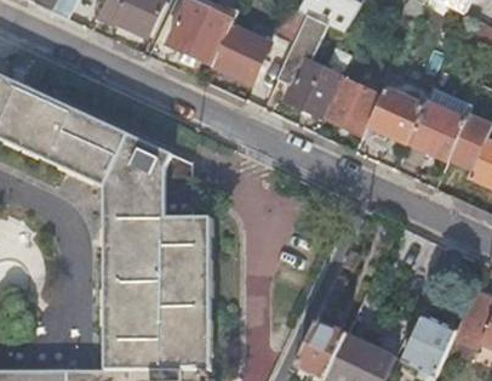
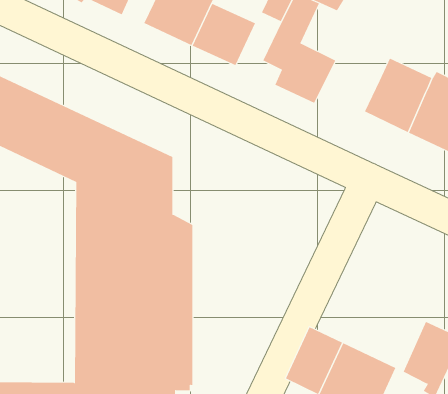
building: [322,76,381,133] -> none

